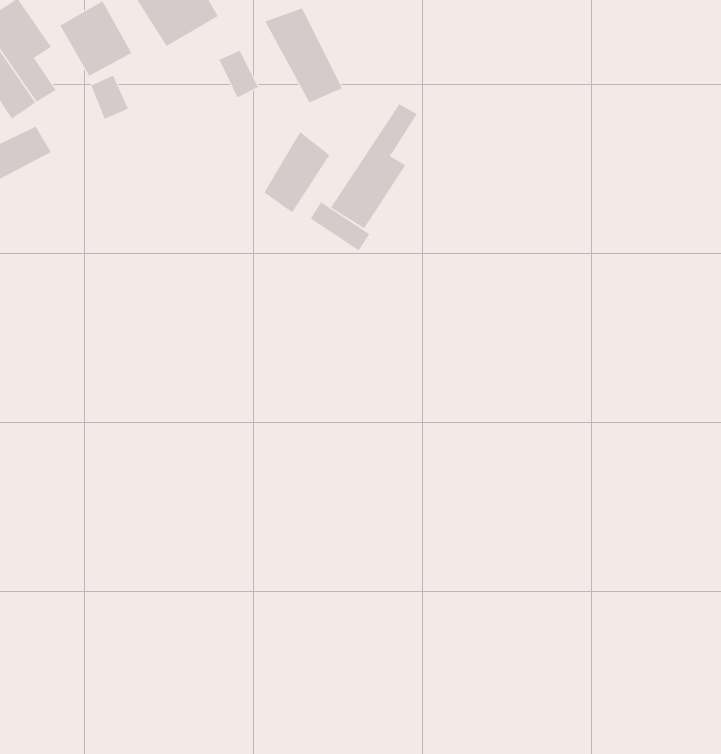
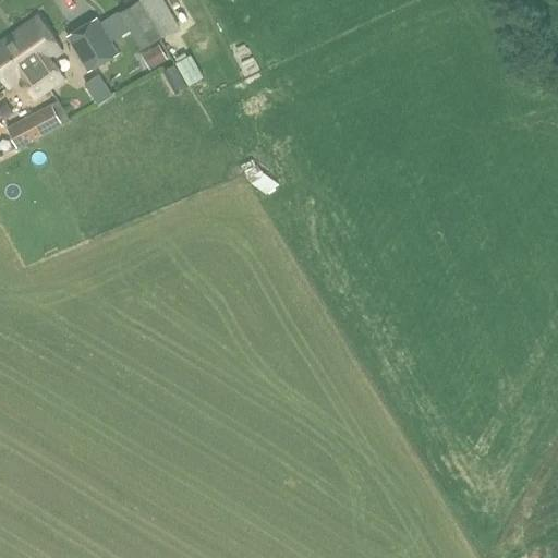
building: [265,7,343,103] -> none
building: [330,103,418,229] -> none
building: [264,131,330,213] -> none

